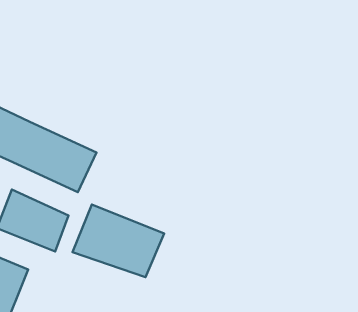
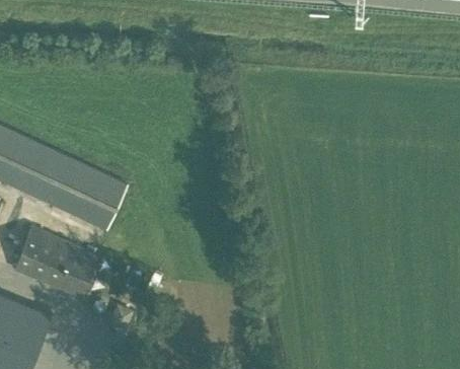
building: [72,205,164,277] -> none

